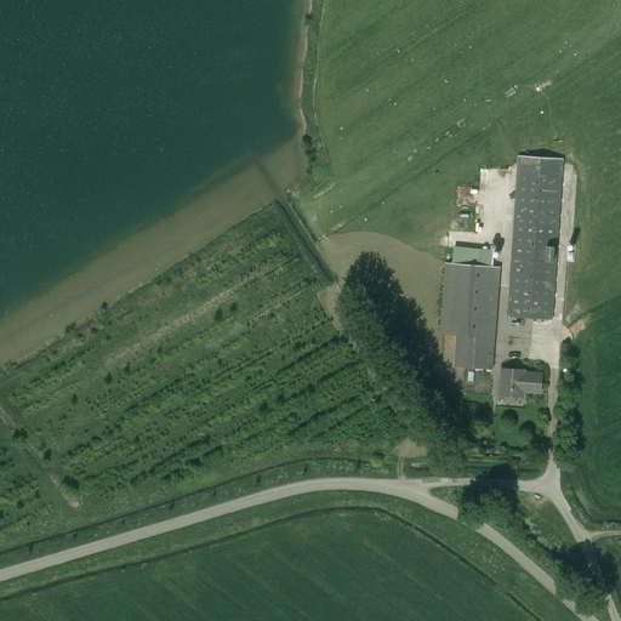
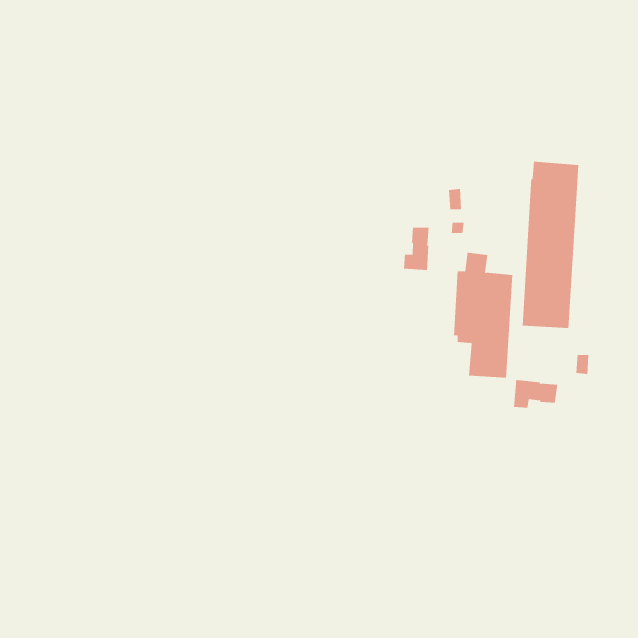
building: none -> [403,227,429,271]

